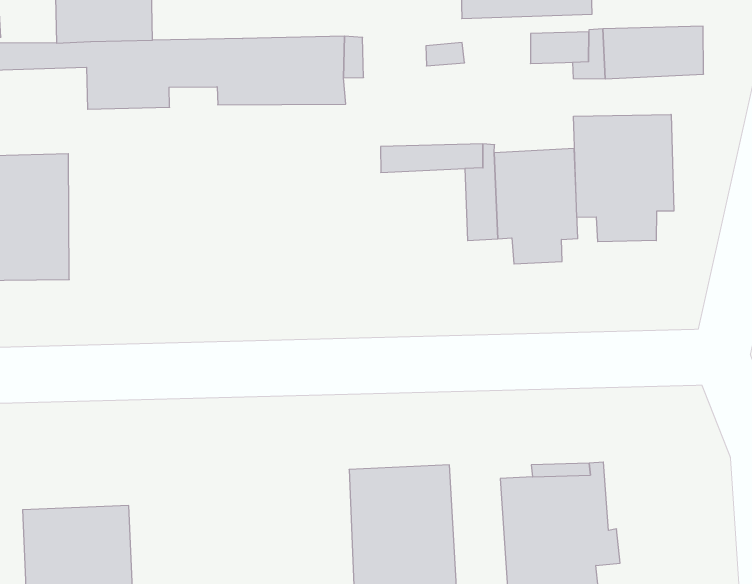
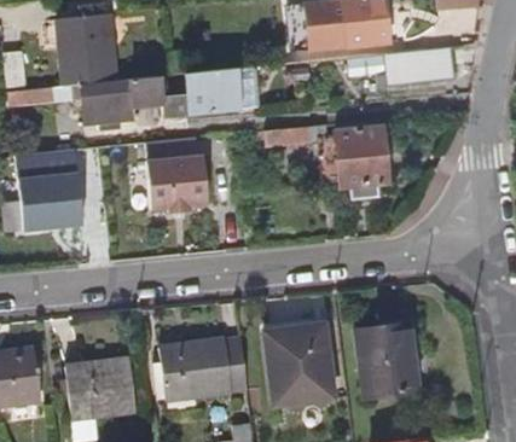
building: [574,114,674,242] -> none
building: none -> [147,140,209,215]
building: none -> [160,338,247,399]

